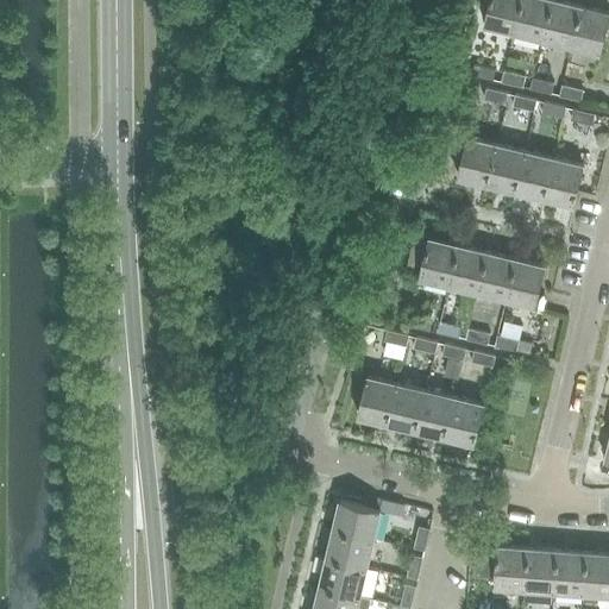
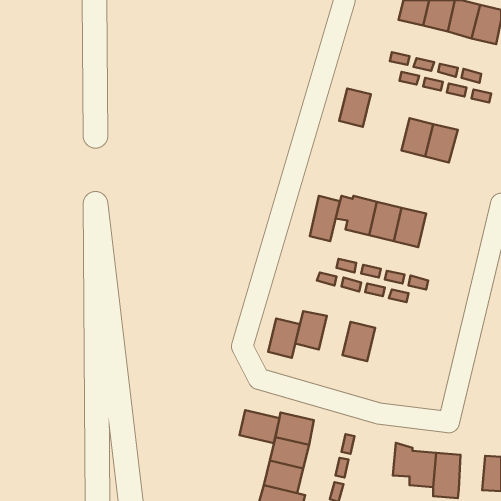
building: [457,138,495,184] -> [339,88,371,127]
building: [542,159,582,206] -> none
building: none -> [310,196,340,241]
building: [506,260,544,307] -> none
building: [385,384,423,432] -> [268,318,300,358]
building: [444,398,482,446] -> none
building: none -> [239,410,279,443]
building: [554,552,586,595] -> none

